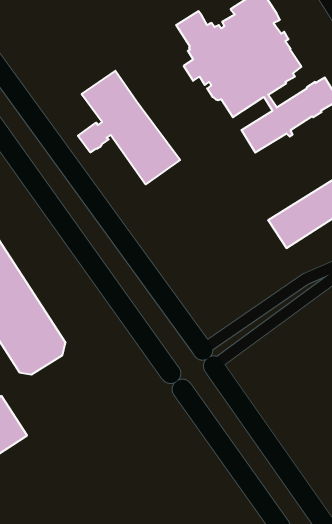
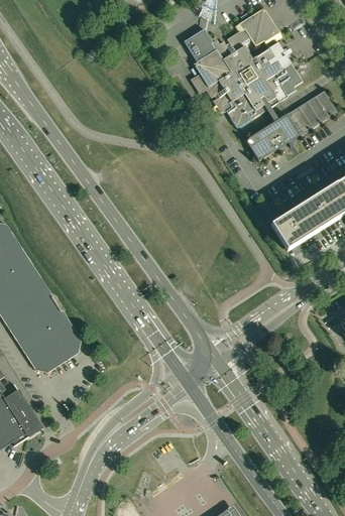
building: [78,71,180,184] -> none

